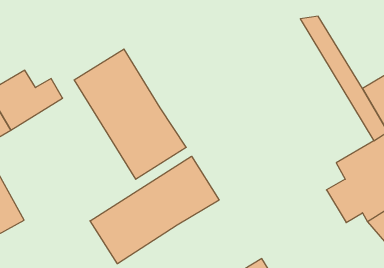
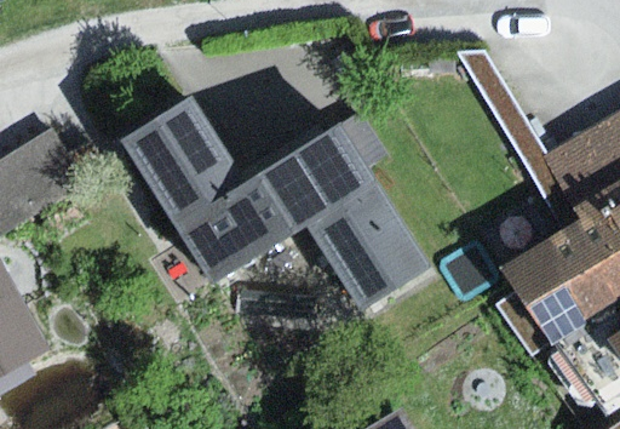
building: none -> [249,126,431,311]
building: [90,156,219,264] -> none

